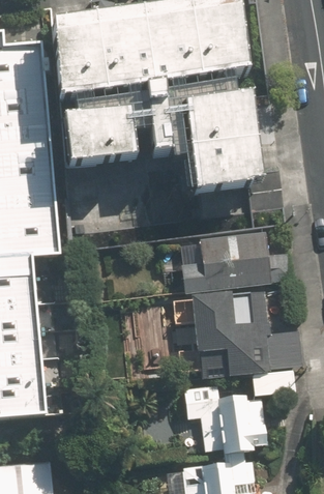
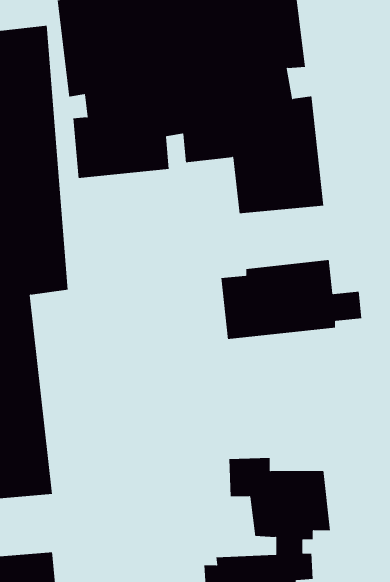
building: [190,288,299,393] -> none

